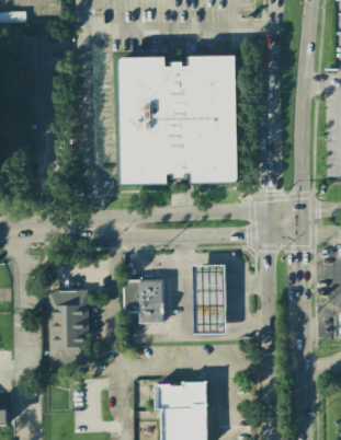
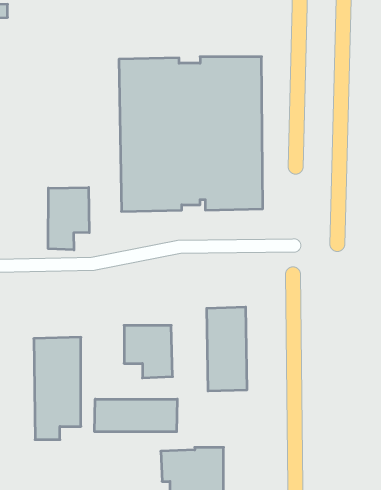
building: none -> [48,187,89,250]
building: none -> [95,399,177,432]

